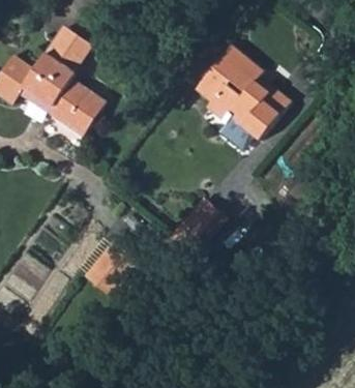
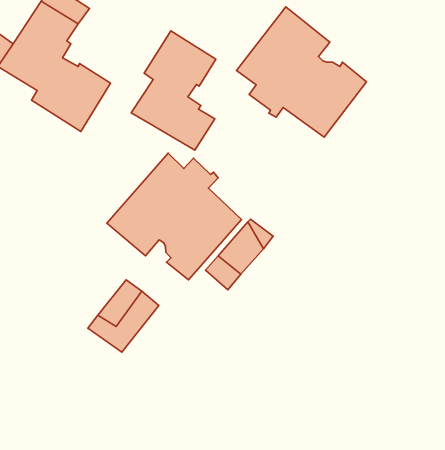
building: none -> [131,31,216,150]
building: none -> [107,153,242,280]

